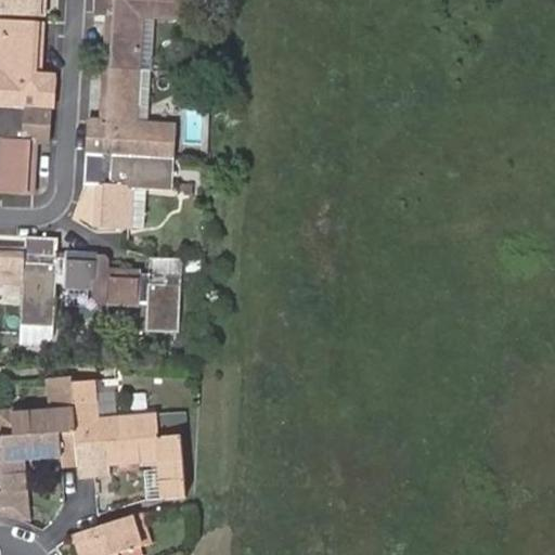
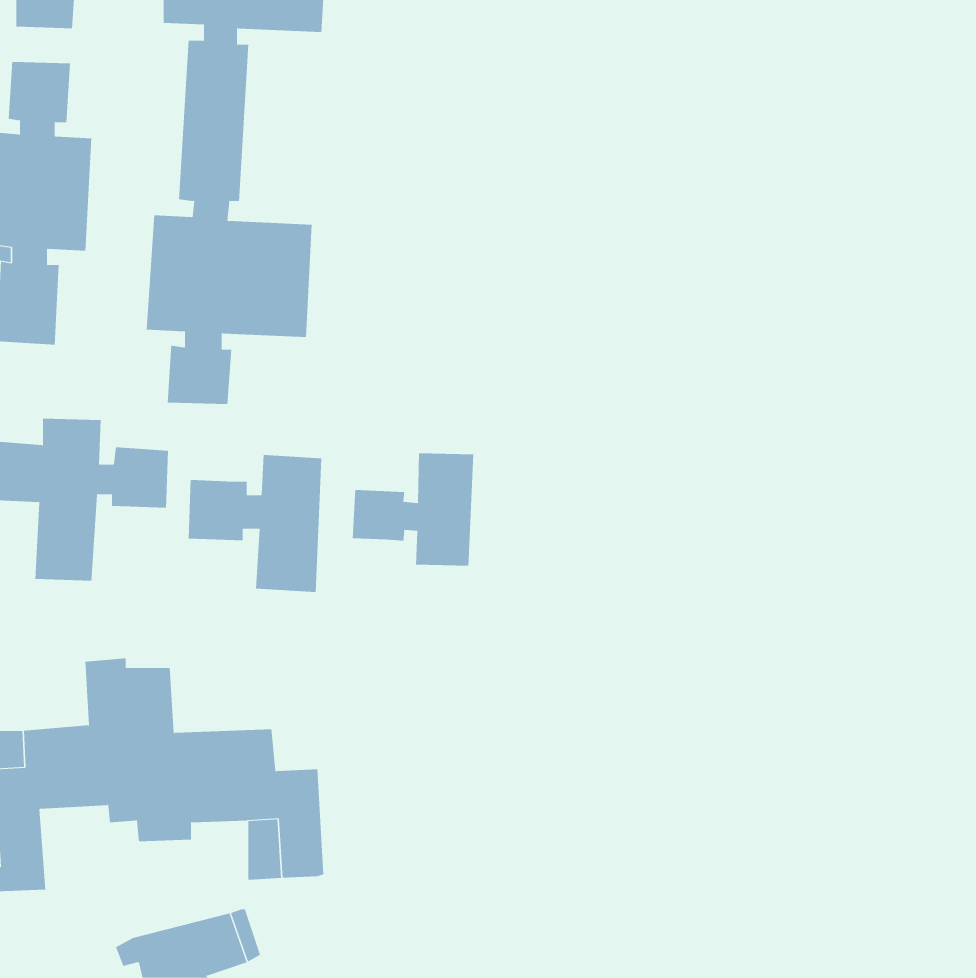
building: none -> [352,452,474,566]

